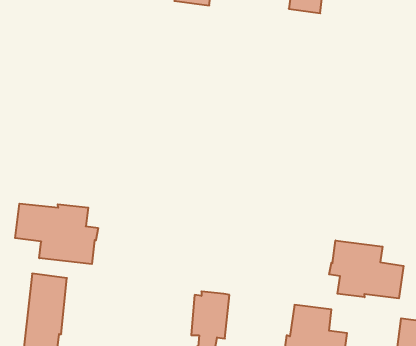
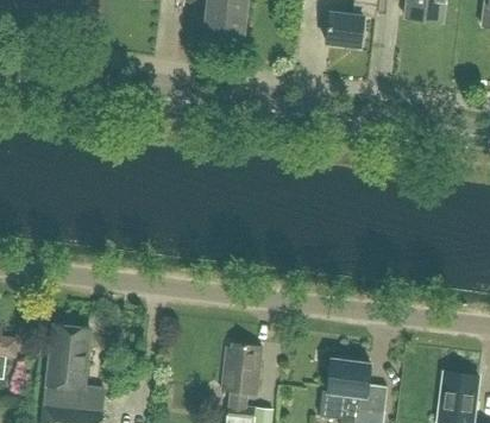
building: [15,204,98,264] -> none
building: [329,240,404,298] -> none

